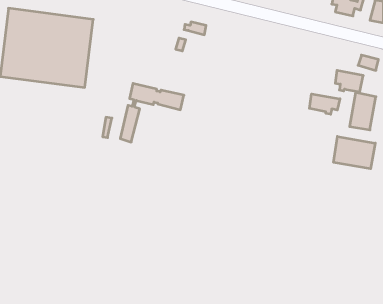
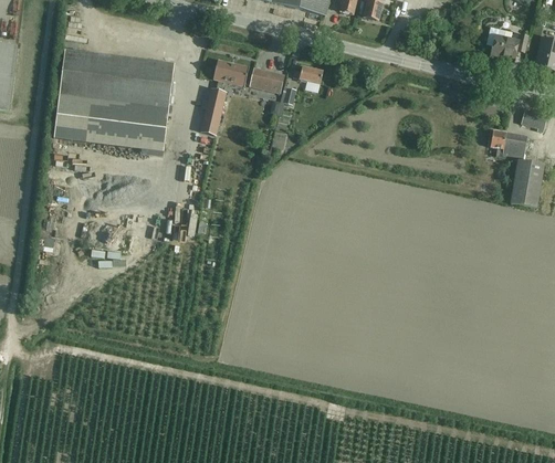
building: [120,83,184,142] -> [200,59,283,135]
building: [309,94,340,114] -> none
building: [334,136,375,169] -> none

